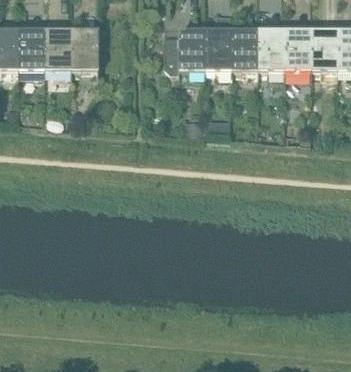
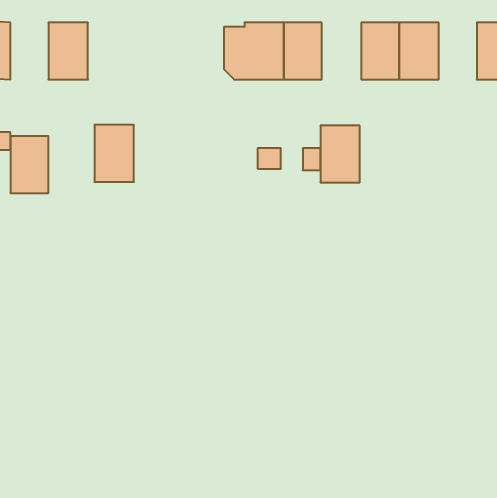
building: [18,30,44,69] -> [10,136,48,193]
building: [71,30,98,69] -> [94,125,134,182]
building: [231,30,258,69] -> [320,126,360,183]
building: [311,30,337,69] -> none

